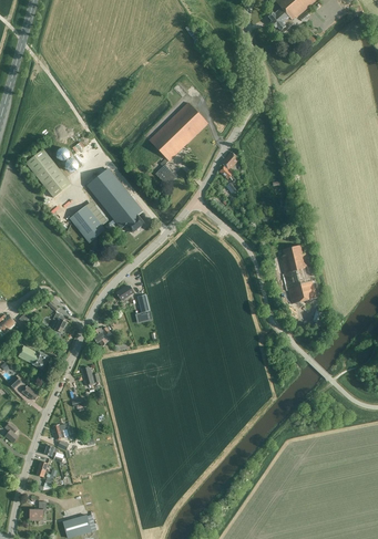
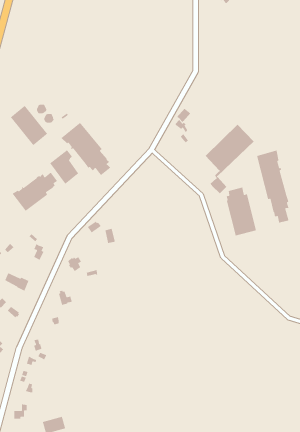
building: [149,102,207,185] -> [205,124,254,194]
building: none -> [256,150,290,224]
building: none -> [12,172,58,212]

